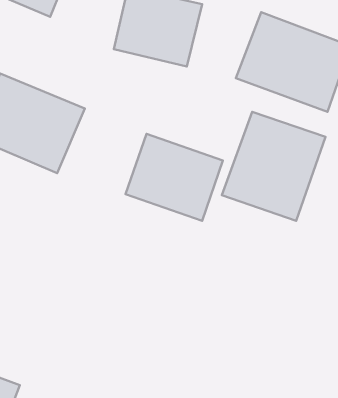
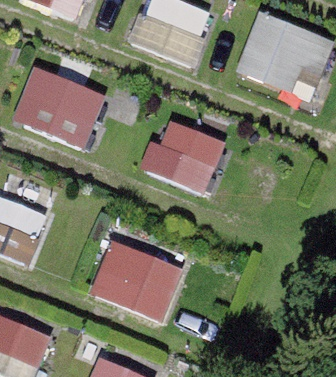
building: [222,112,325,221] -> none
building: none -> [88,238,186,322]

